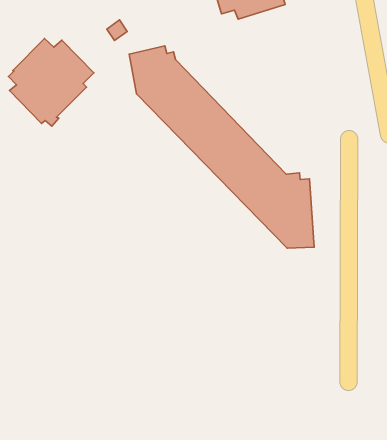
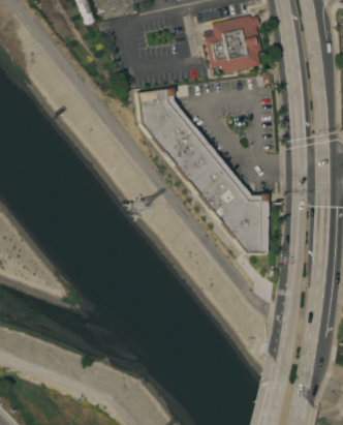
building: [9,38,94,126] -> none

